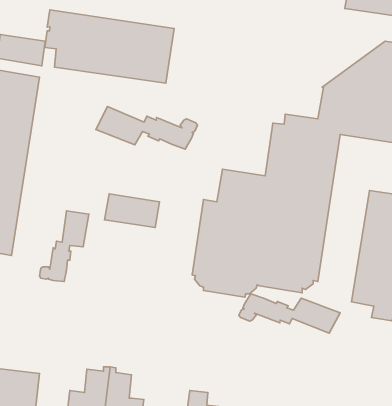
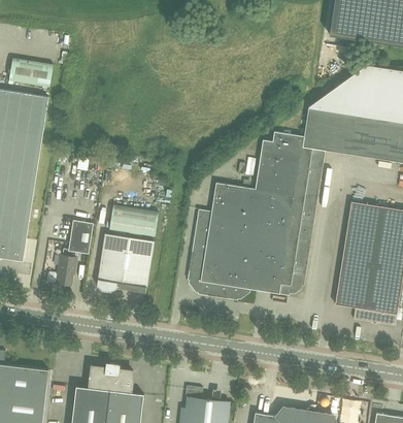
building: [45,10,174,83] -> none
building: [96,106,197,149] -> none
building: none -> [97,233,155,293]
building: [239,294,340,333] -> none

